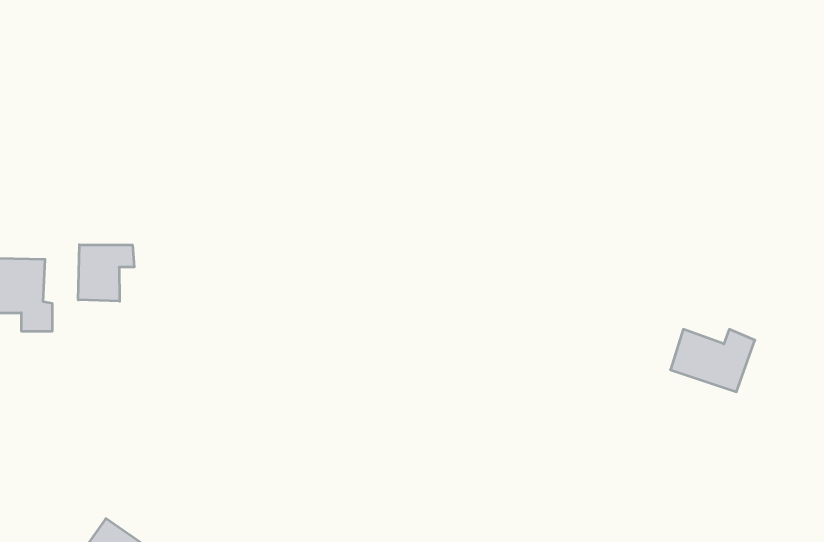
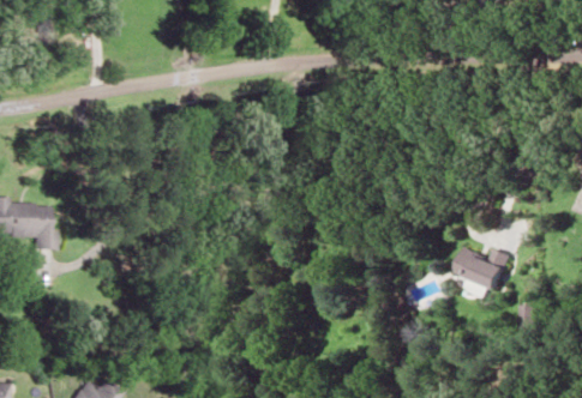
building: [78,245,134,301] -> none

